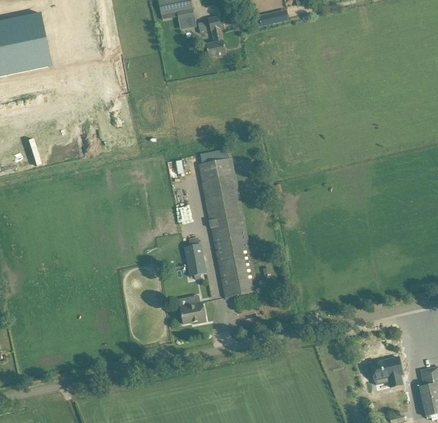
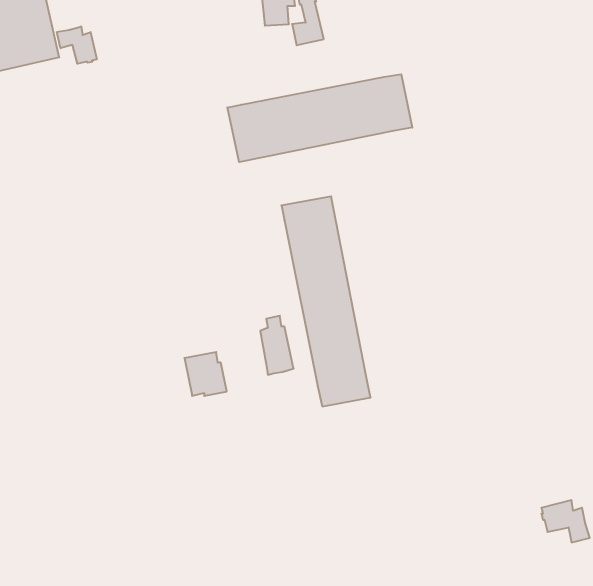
building: none -> [57,26,97,64]
building: none -> [227,74,412,162]
building: [177,294,205,323] -> [184,352,227,396]

